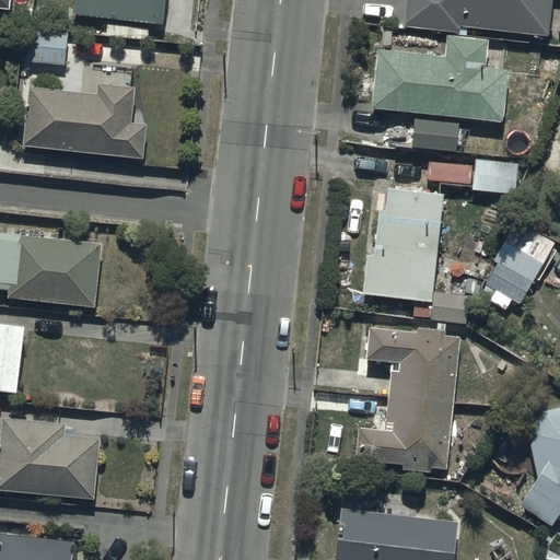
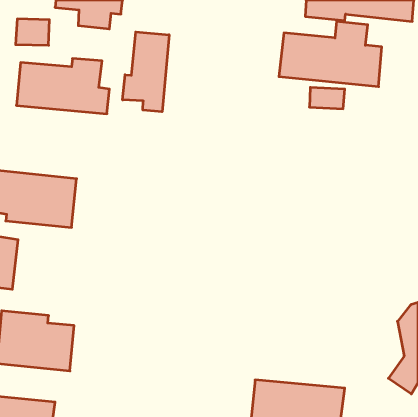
building: none -> [123,32,169,112]
building: [468,160,522,197] -> none
building: [363,186,467,323] -> none
building: [482,222,551,305] -> none
building: [354,327,459,471] -> none

